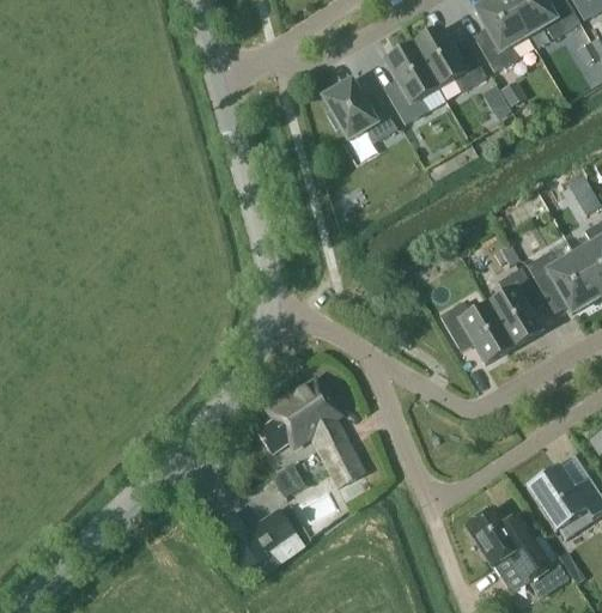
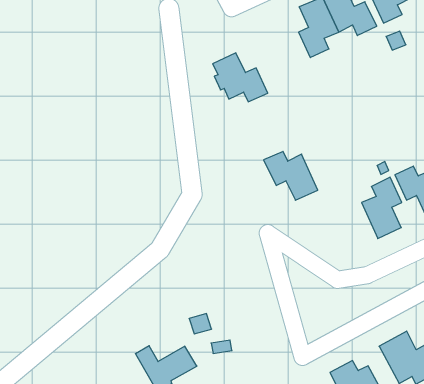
building: [322,80,396,141] -> [213,53,268,102]
building: [439,302,512,363] -> [264,151,318,200]
building: [256,378,364,486] -> none

